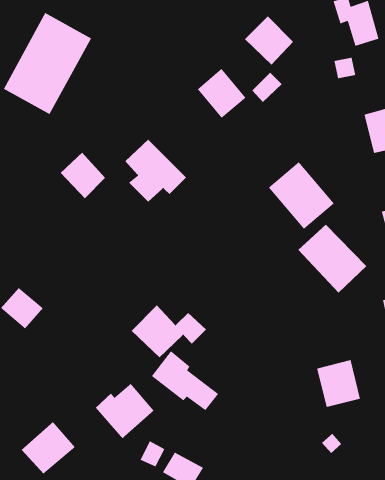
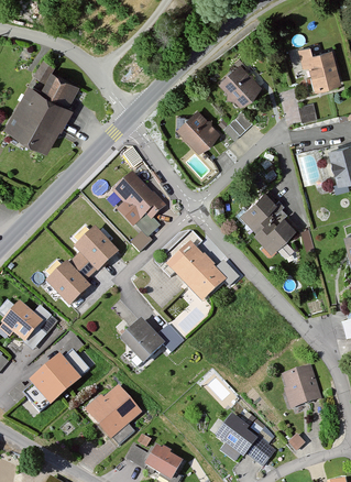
building: [60,152,106,199] -> [76,228,117,270]
building: [297,224,367,293] -> [166,242,228,304]
building: none -> [47,263,89,304]
building: [151,350,219,411] -> [215,410,275,464]
building: [21,421,76,475] -> [31,355,79,403]

